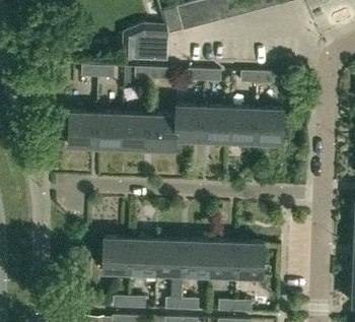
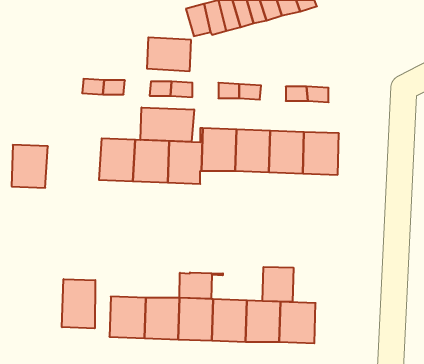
building: none -> [141,107,194,142]
building: [68,113,96,146] -> [12,145,48,188]
building: none -> [263,267,293,302]
building: none -> [179,272,223,299]
building: none -> [62,279,95,328]

